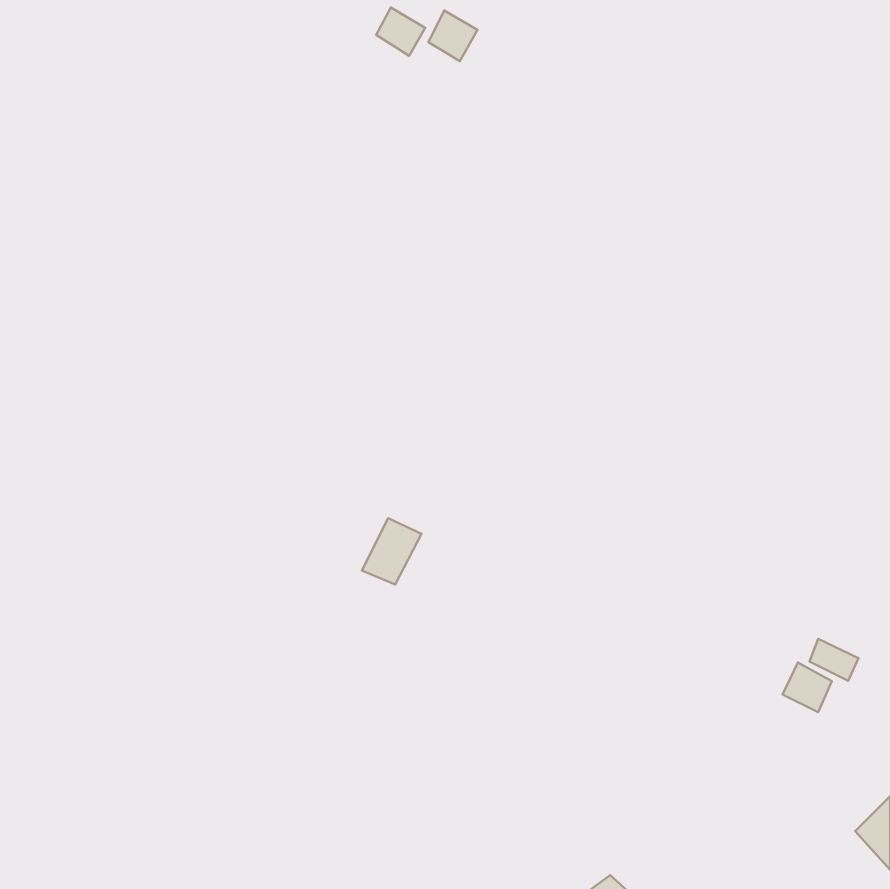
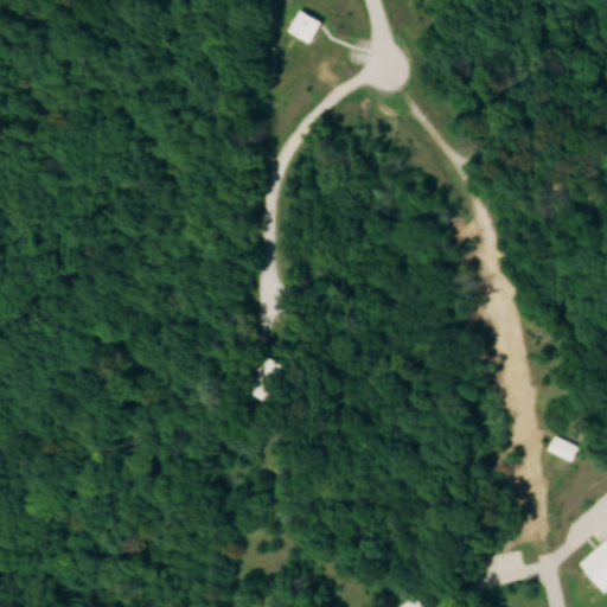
building: [376,7,425,56] -> none
building: [782,663,832,712] -> none

